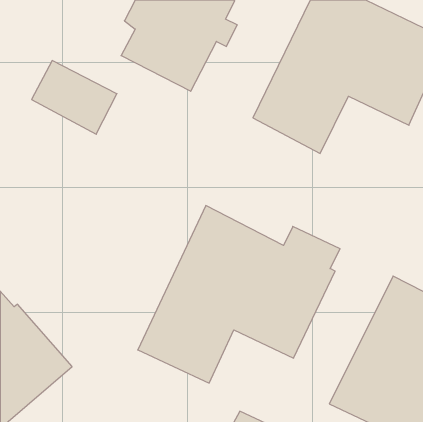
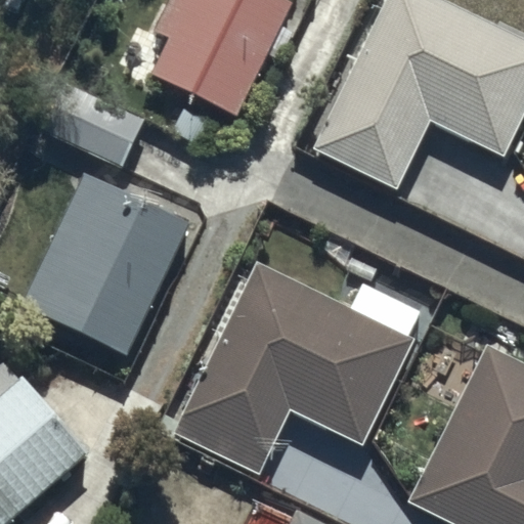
building: none -> [23,175,187,353]

